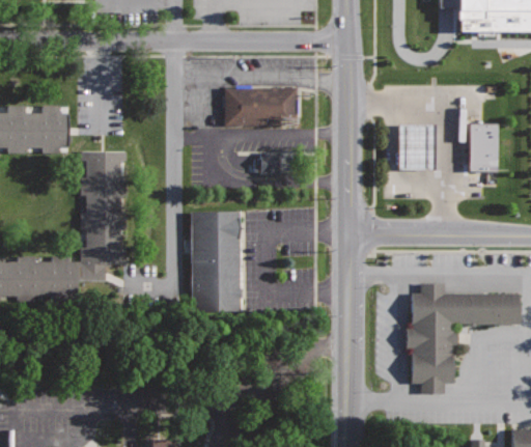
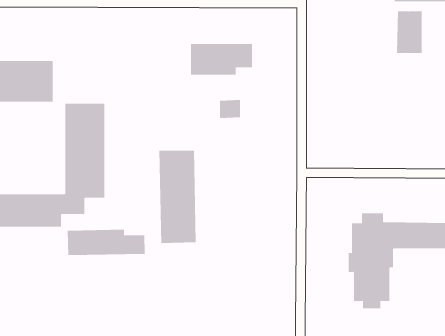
building: [469,121,499,170] -> [396,11,422,53]
building: [397,122,434,168] -> none
building: none -> [67,229,145,256]

